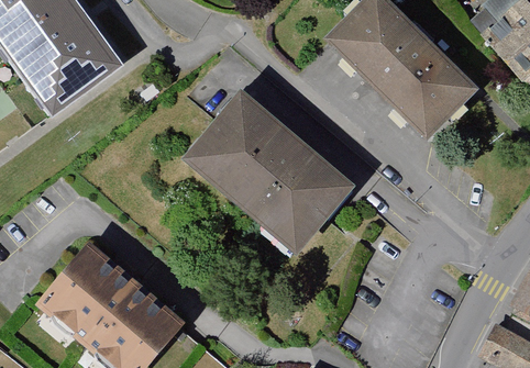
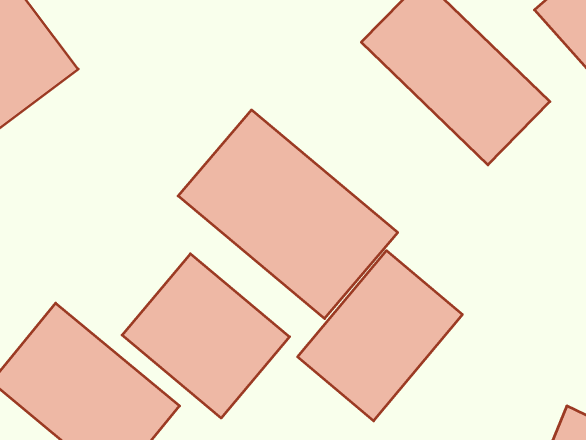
building: none -> [298,251,462,421]
building: none -> [122,254,290,418]

